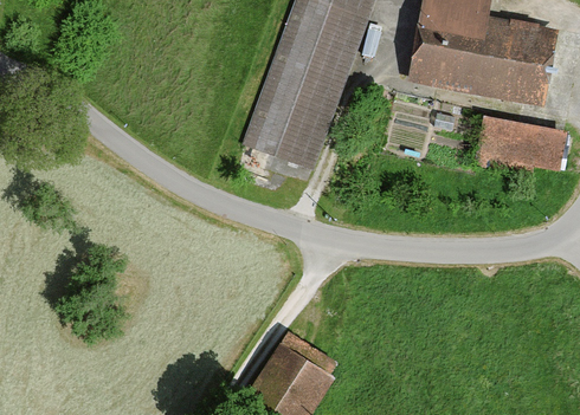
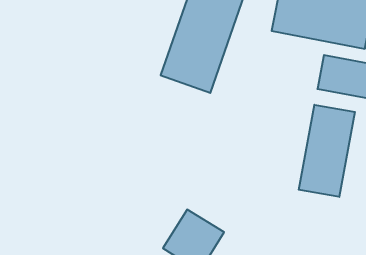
building: none -> [299,105,355,197]

